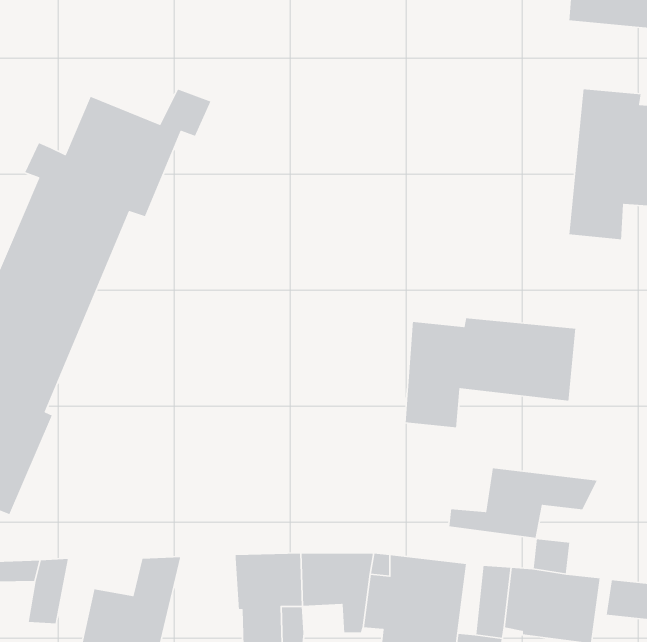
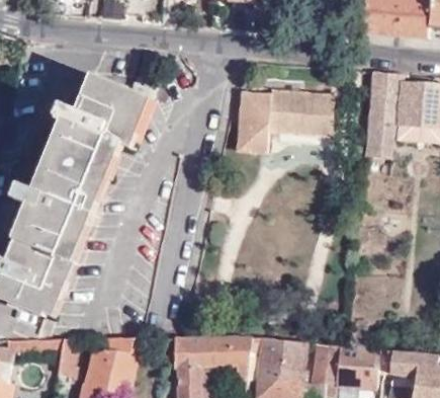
building: [405,318,576,428] -> [237,89,334,152]
building: [448,468,598,539] -> none

